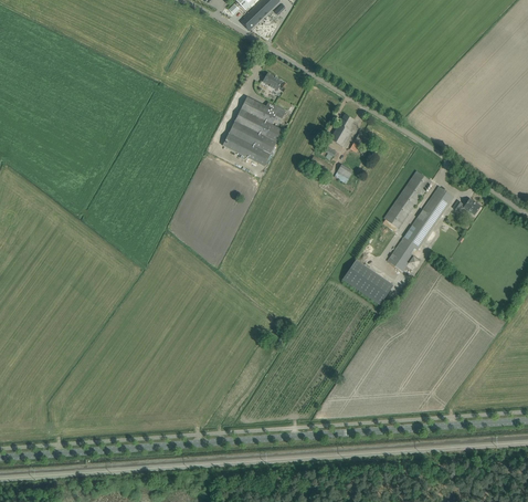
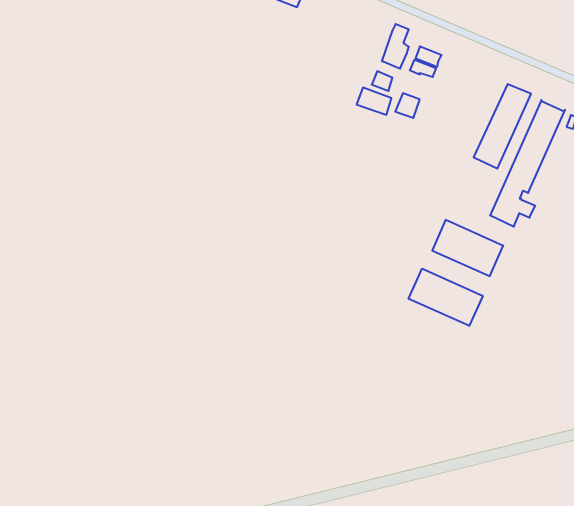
building: [222,96,286,166] -> none
building: none -> [409,269,483,326]

